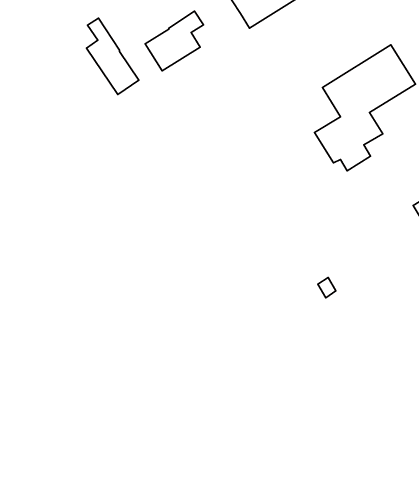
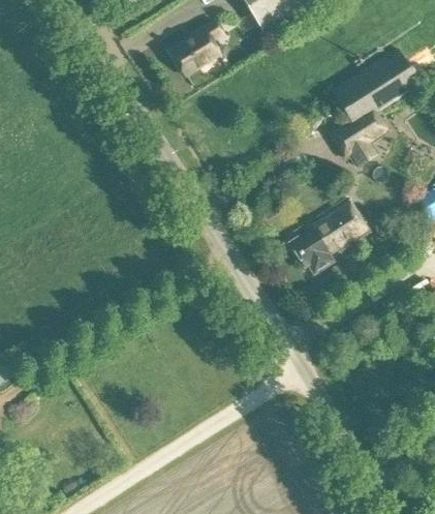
building: [86,18,139,95] -> none
building: none -> [290,195,371,272]

